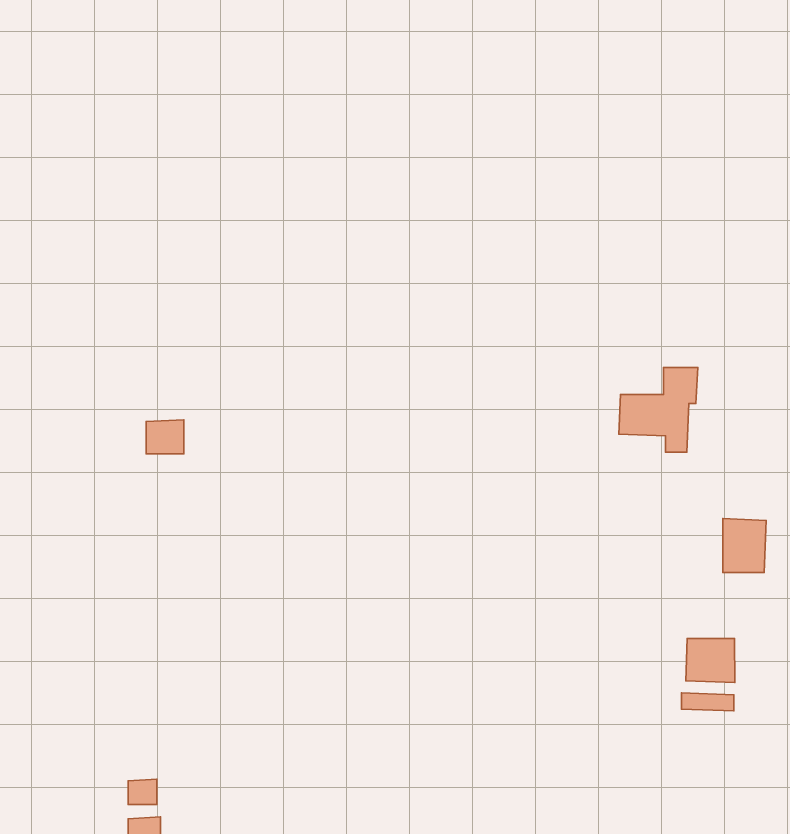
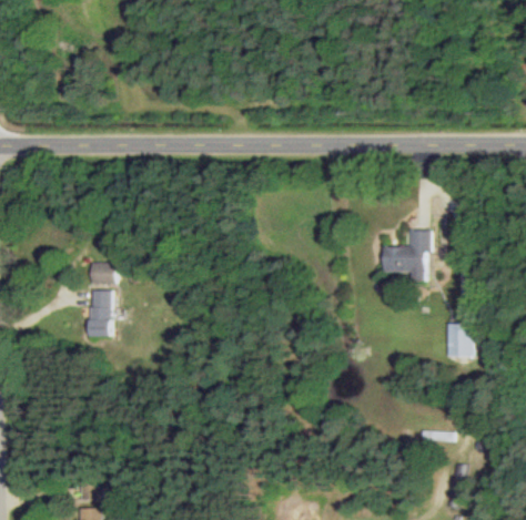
building: none -> [90,290,112,337]
building: [686,638,735,682] -> none

